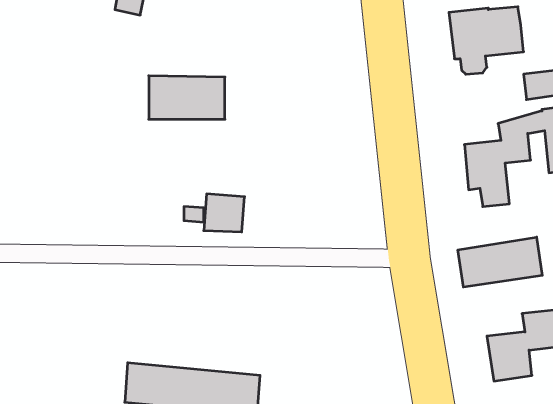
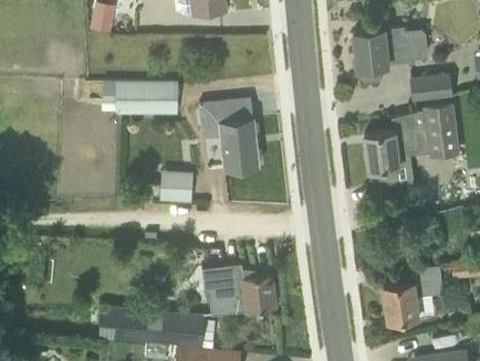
building: none -> [198,98,260,169]
building: [458,237,542,287] -> none
building: none -> [200,263,276,315]

